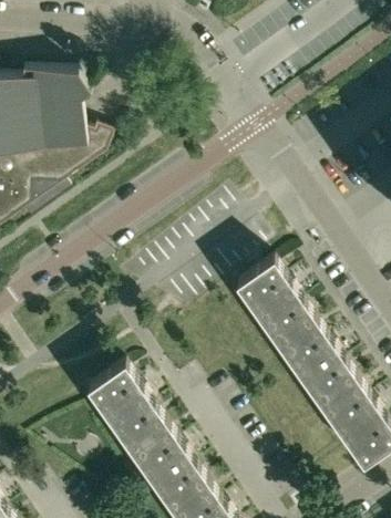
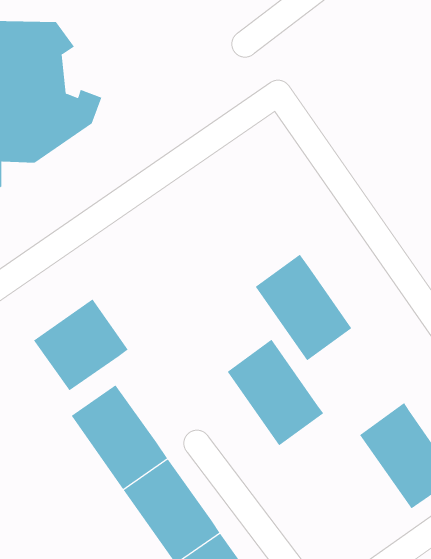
building: none -> [33,299,129,391]
building: [277,319,356,405] -> [227,339,324,446]

